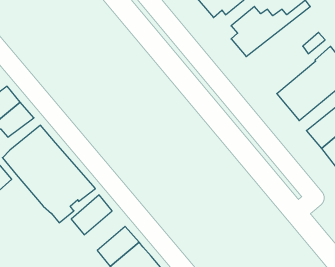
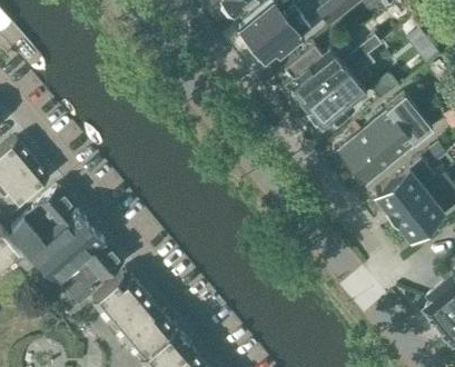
building: none -> [303,46,386,129]
building: none -> [109,290,158,338]

